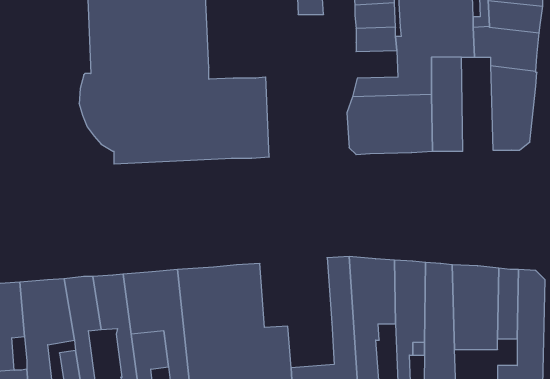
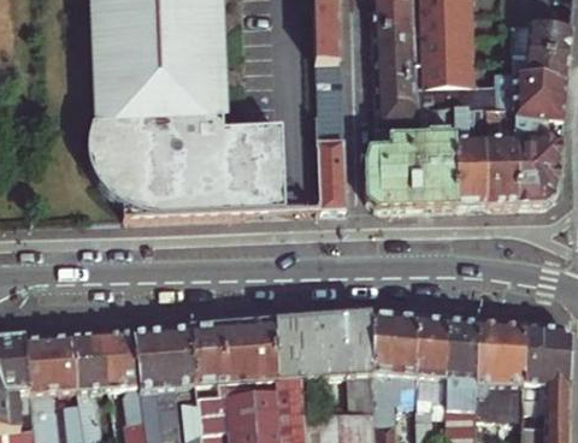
building: none -> [314,59,344,206]
building: none -> [374,96,418,125]
building: none -> [484,104,517,201]
building: none -> [275,312,349,384]

